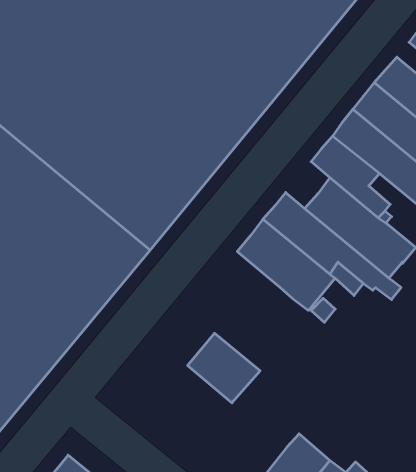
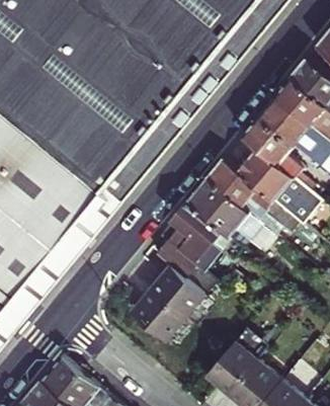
building: none -> [158,200,229,292]
building: none -> [131,287,183,338]

